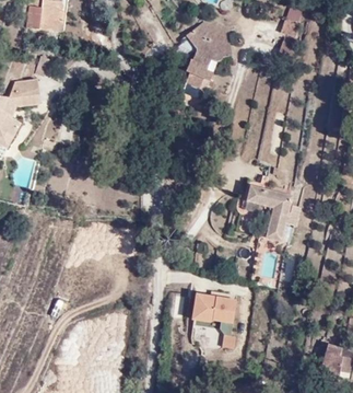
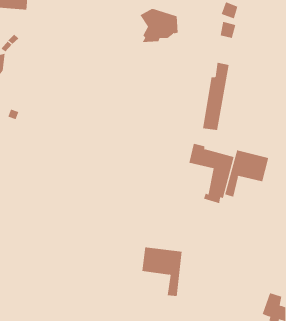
building: [187,63,214,90] -> none
building: none -> [225,150,269,198]

